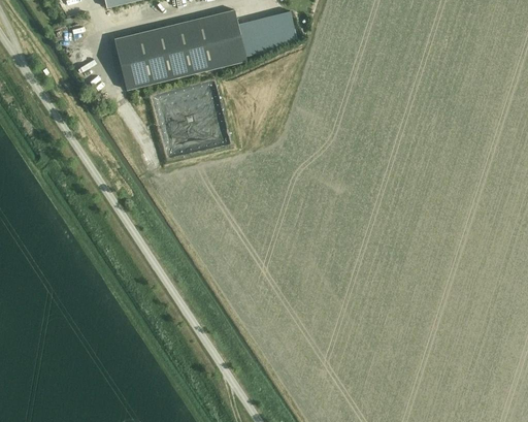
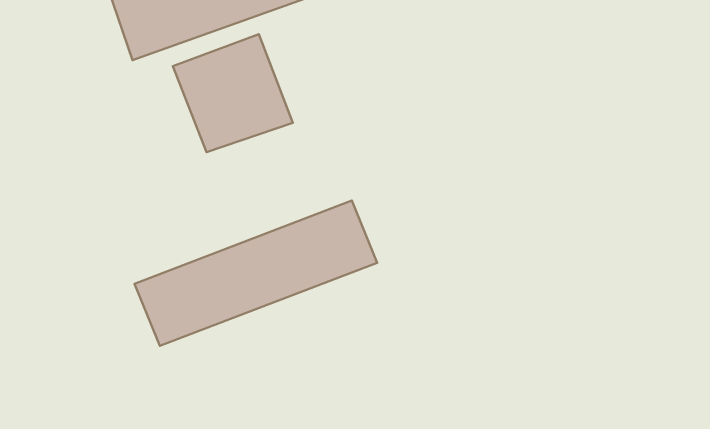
building: none -> [135,201,377,346]

